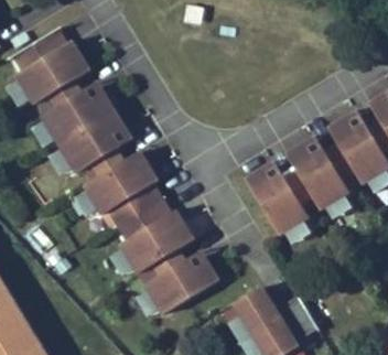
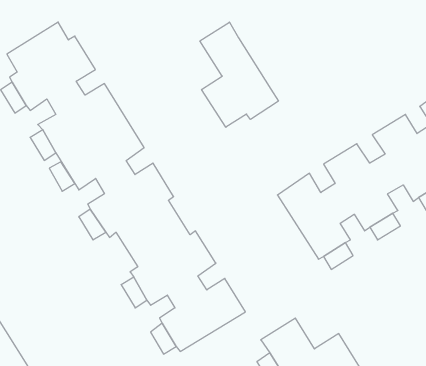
building: none -> [200,22,278,127]

